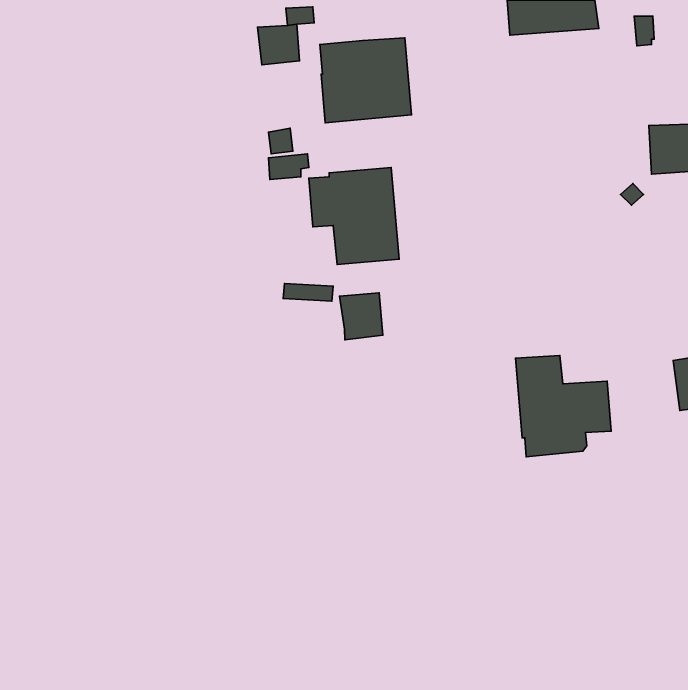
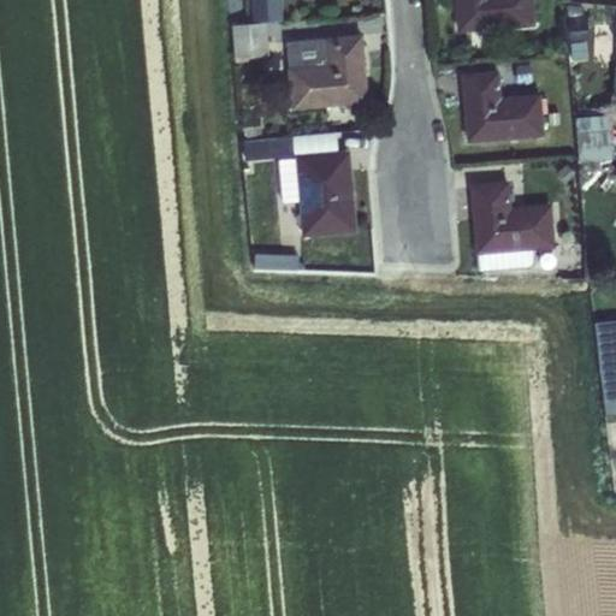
building: none -> [461,70,544,142]
building: [340,293,383,340] -> none
building: [515,355,611,457] -> [469,180,555,271]

